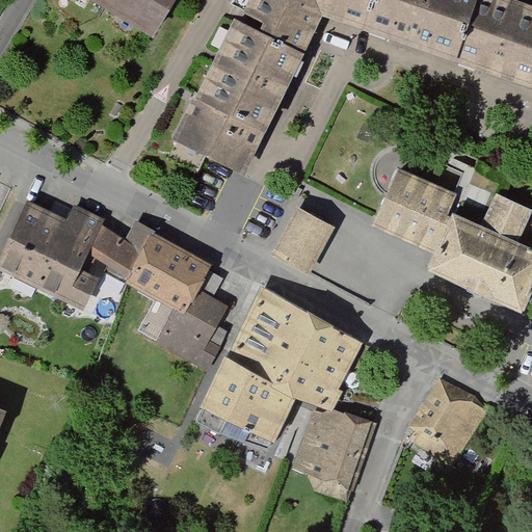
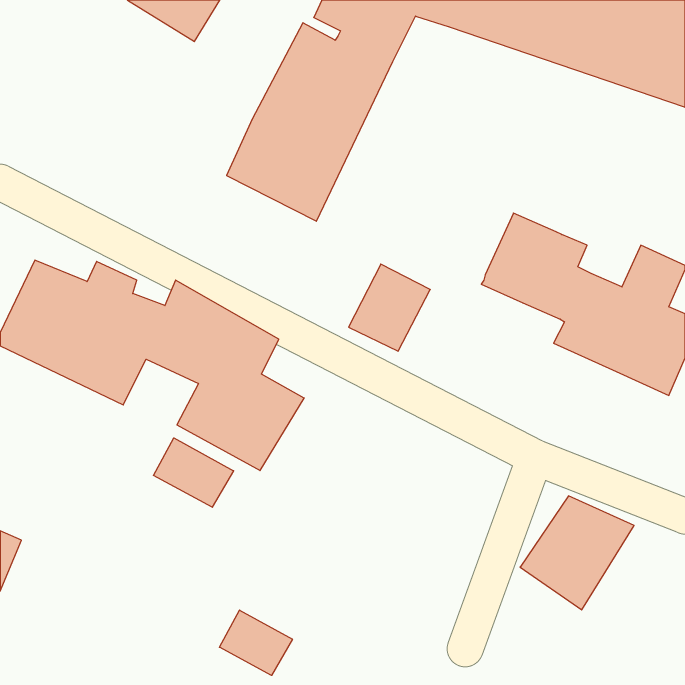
building: [205,293,376,507] -> none
building: none -> [153,438,234,507]
building: none -> [219,610,292,675]

